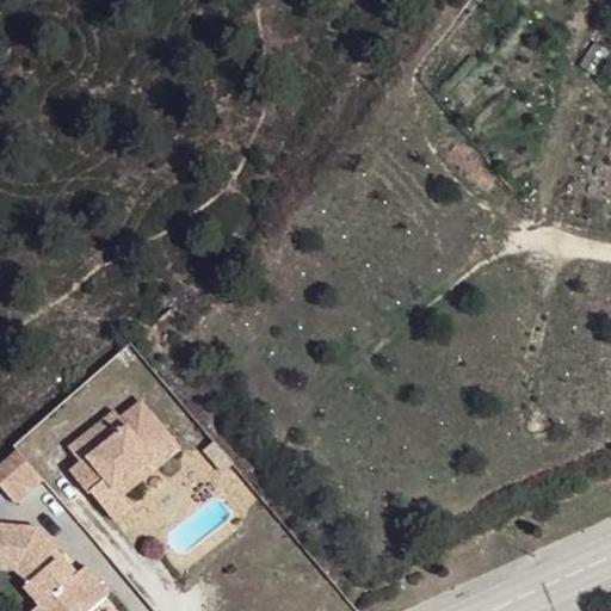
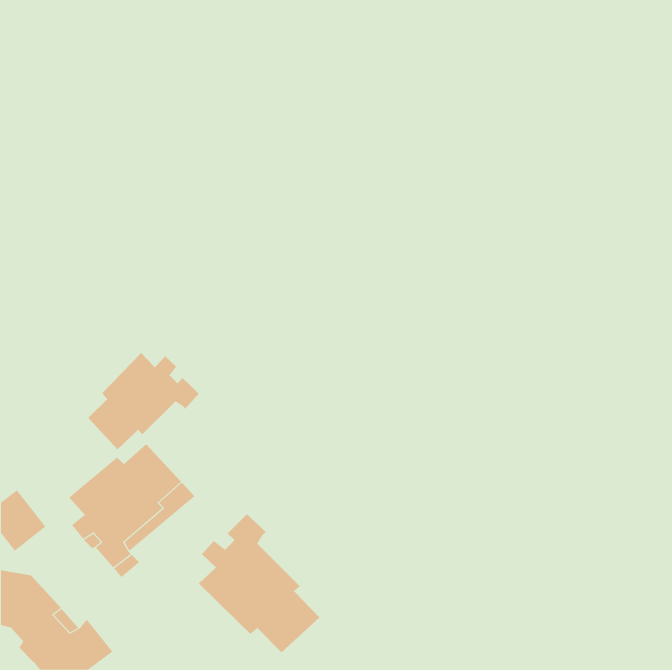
building: none -> [87,352,199,450]
building: none -> [198,514,320,653]

